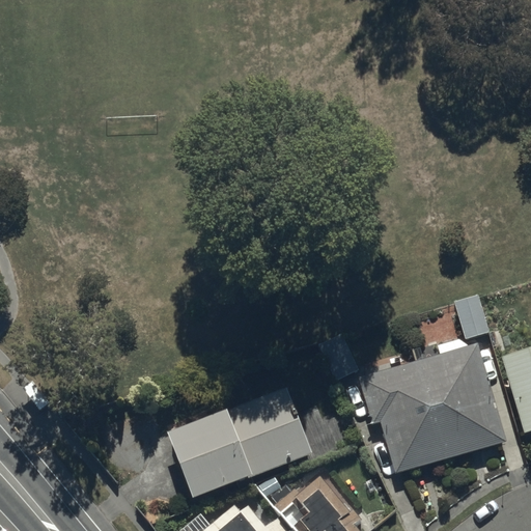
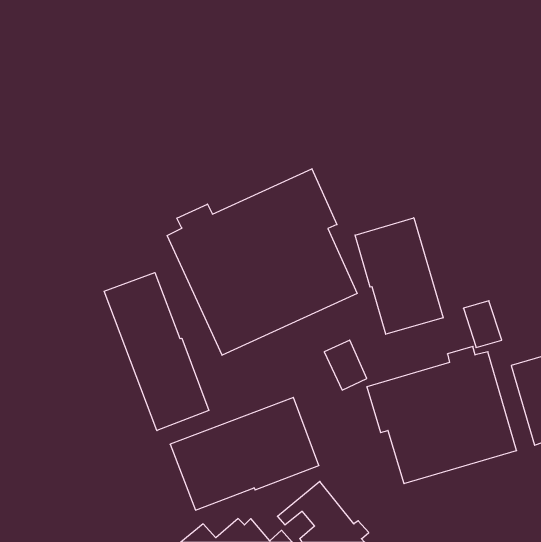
building: none -> [167,169,357,355]
building: none -> [355,218,443,334]
building: none -> [104,273,209,431]

